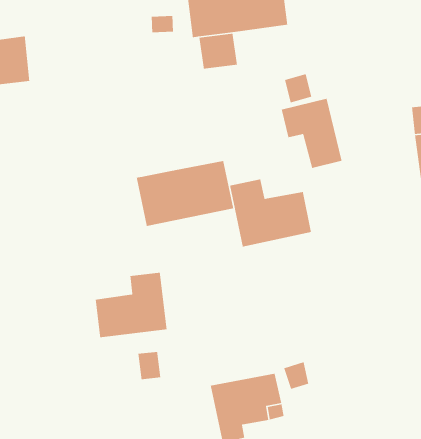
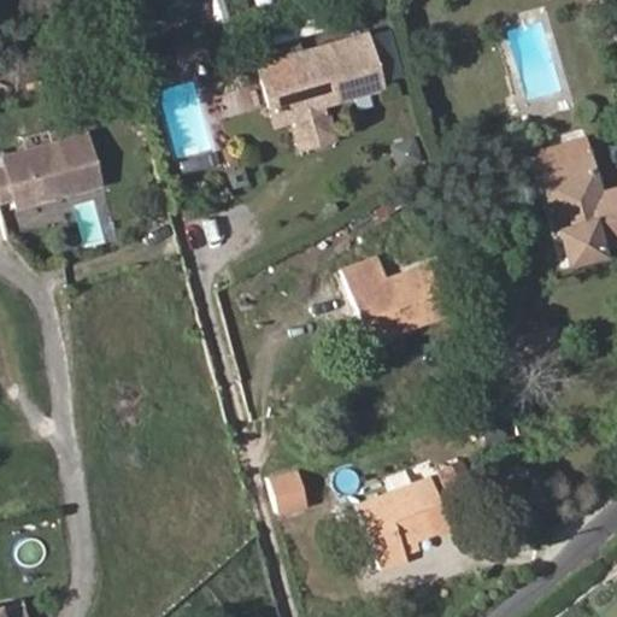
building: [281,98,342,169] -> none
building: [136,160,234,227] -> none
building: [95,272,168,338] -> none

